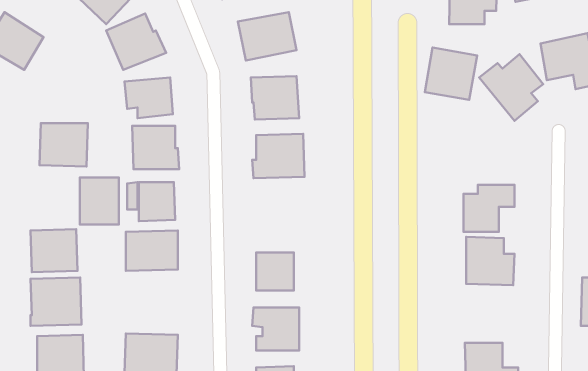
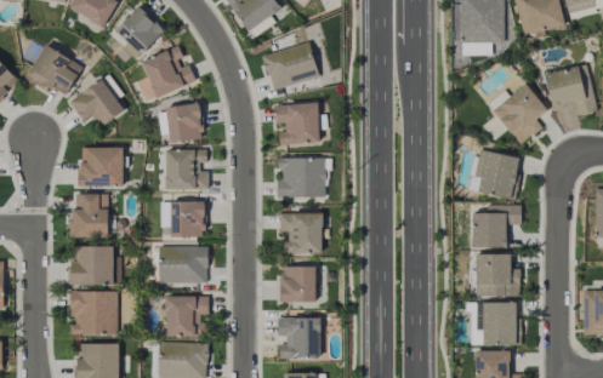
building: [425,48,477,100] -> [471,149,519,197]
building: none -> [69,79,124,124]
building: [80,177,119,224] -> [72,194,108,237]
building: none -> [280,212,323,252]
building: none -> [166,296,209,336]
building: none -> [474,302,517,345]

